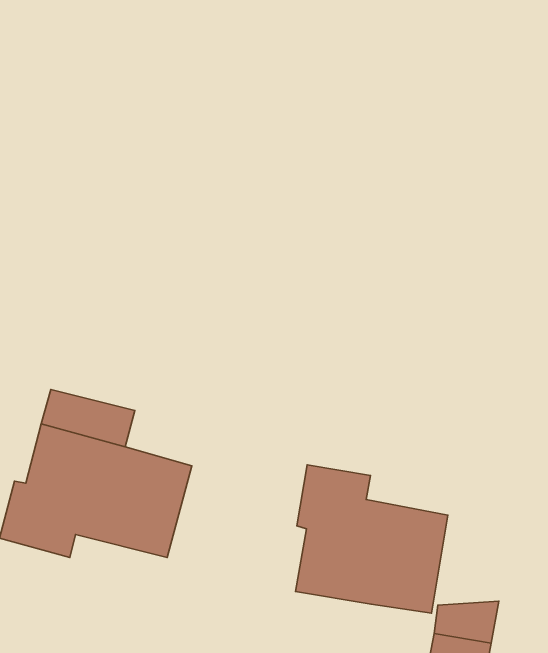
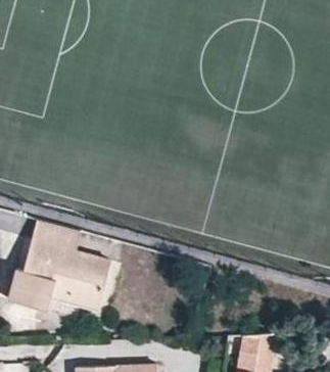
building: [295,465,448,613] -> none

